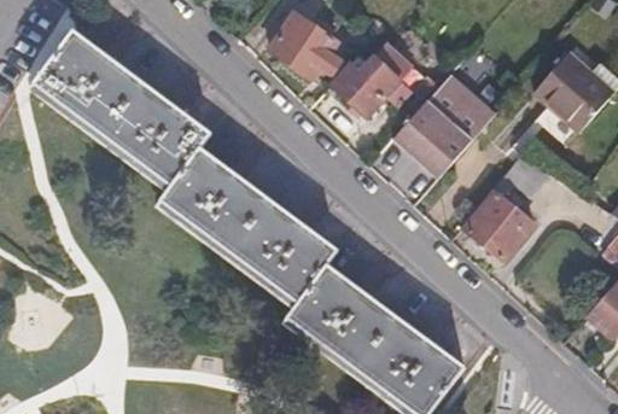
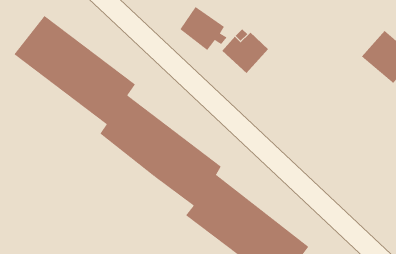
building: [395,74,495,175] -> none
building: [464,151,554,258] -> none

